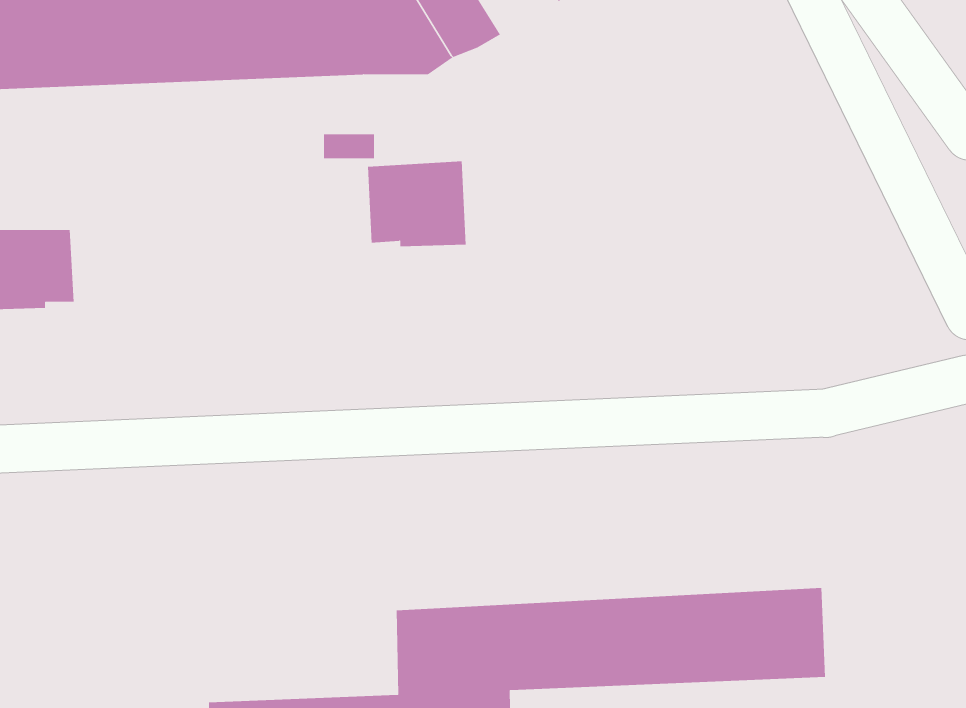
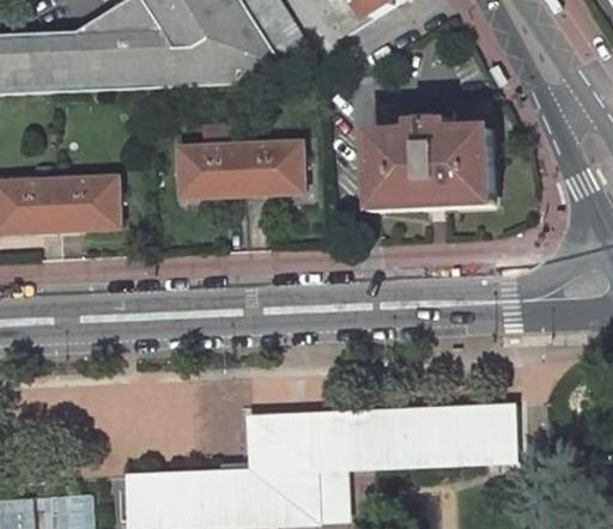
building: none -> [363,114,484,214]
building: none -> [168,141,232,195]
building: none -> [44,178,107,229]

